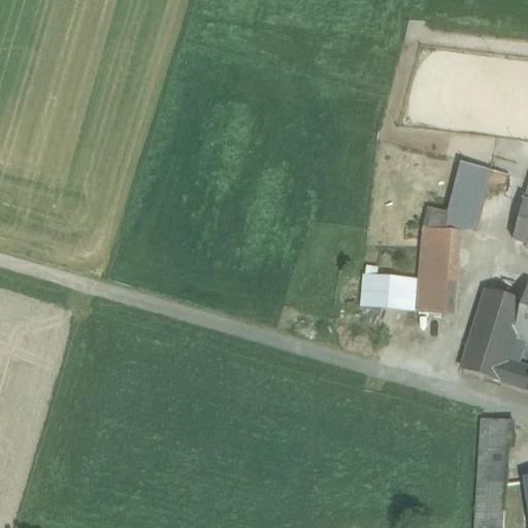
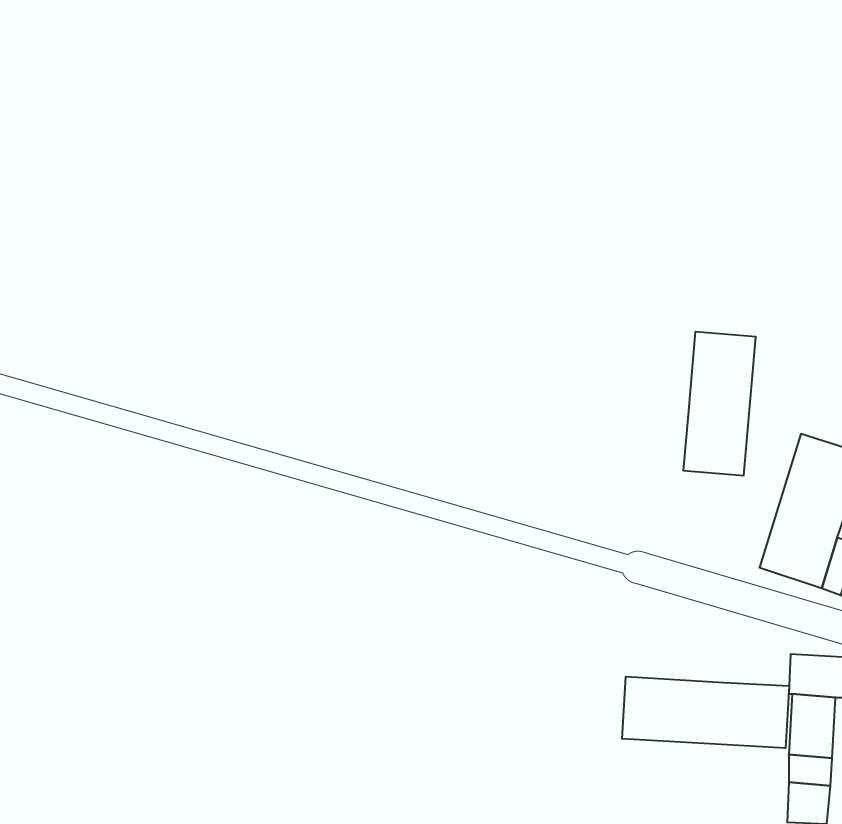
building: [423,161,488,230] -> none
building: [368,272,419,309] -> none
building: none -> [622,677,789,748]

